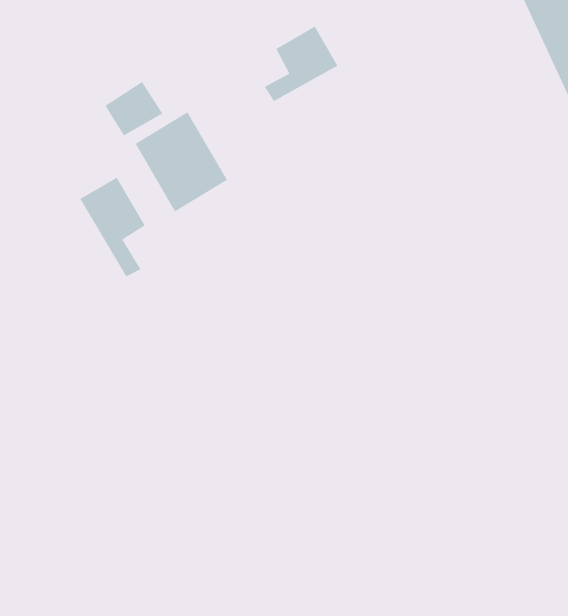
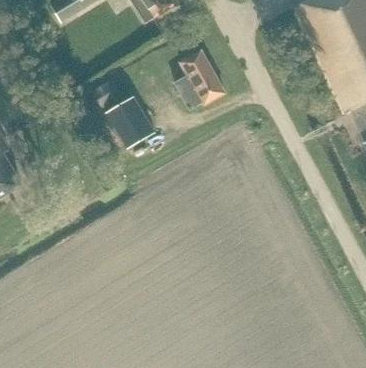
building: none -> [179,71,224,108]
building: [80,177,145,277] -> none

